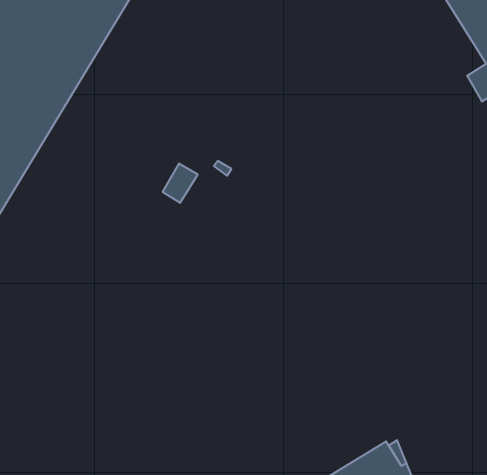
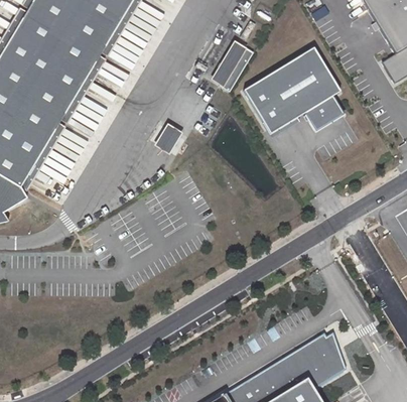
building: none -> [214,45,253,93]
building: none -> [243,47,344,133]

